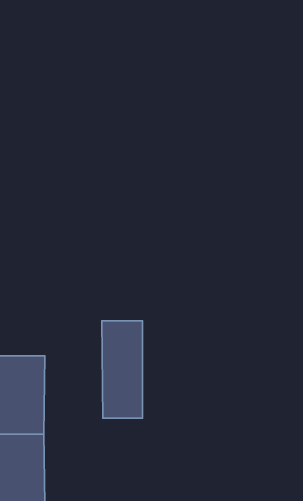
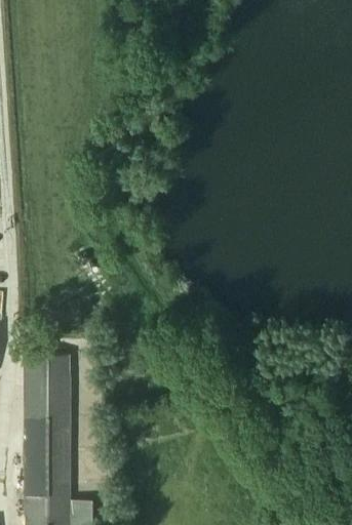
building: [102,321,142,418] -> none

